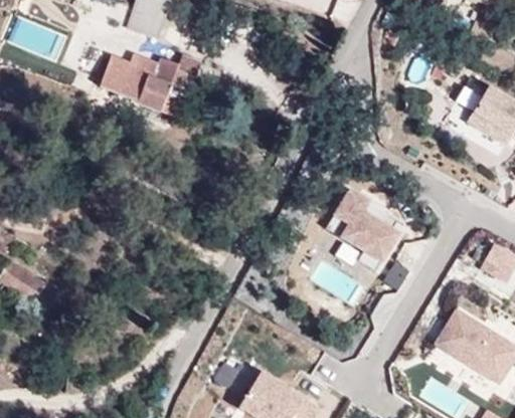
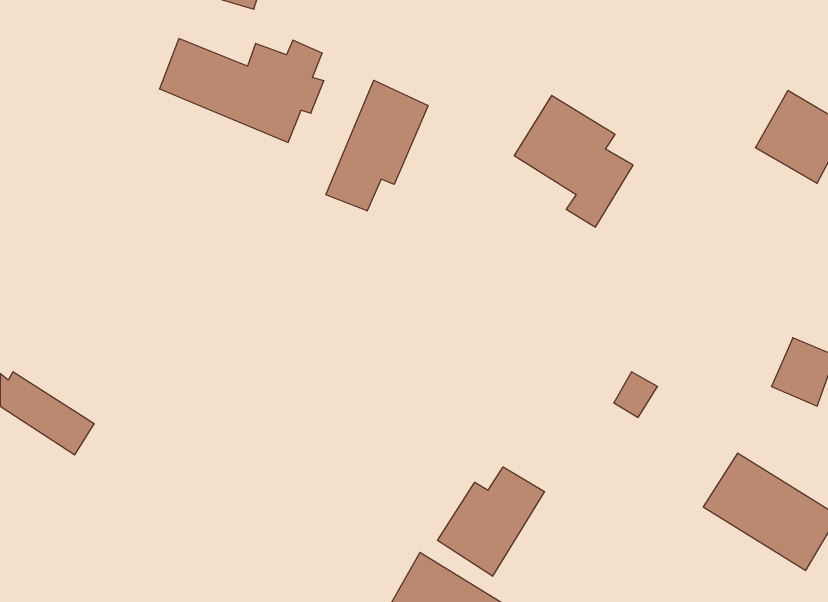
building: none -> [326,80,428,211]
building: [327,190,400,271] -> [514,95,633,227]
building: none -> [438,467,545,576]

